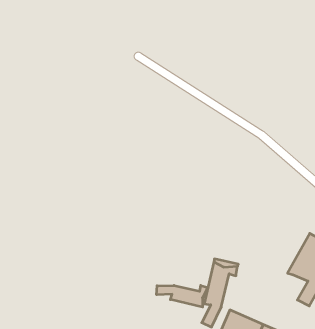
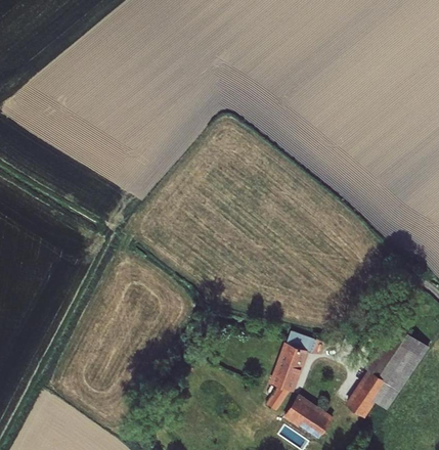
building: none -> [349,366,388,409]
building: [157,285,208,307] -> none

